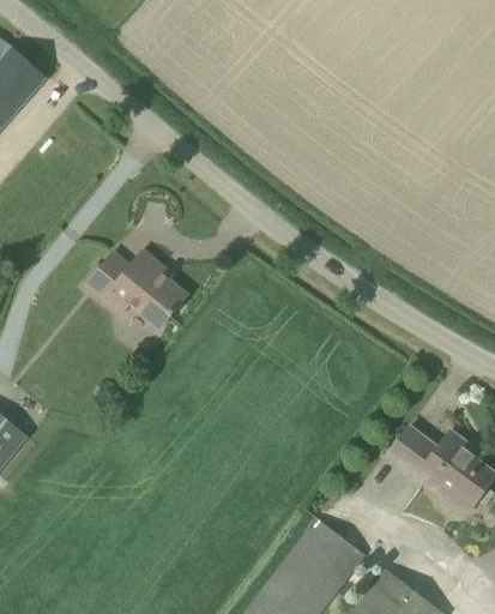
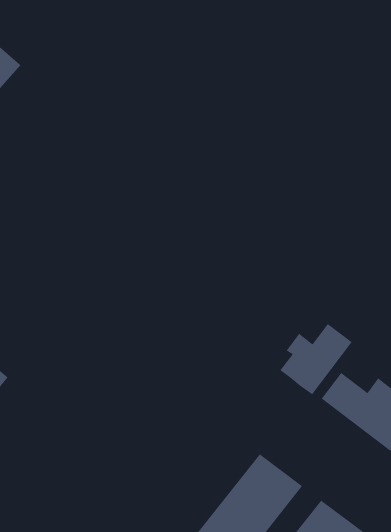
building: [85,251,186,327] -> none
building: none -> [280,323,353,395]

